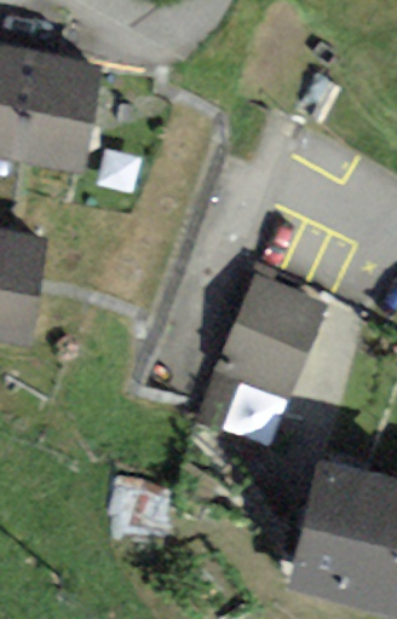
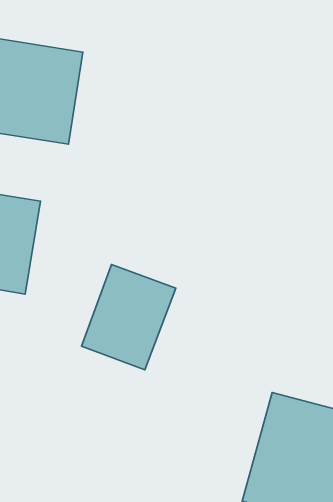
building: [215,270,326,393] -> [82,264,176,370]

